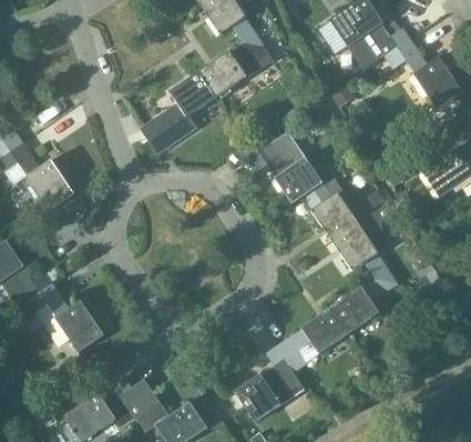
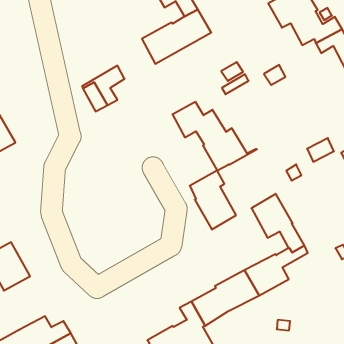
building: [170,70,216,115] -> none
building: [305,177,357,240] -> [190,171,236,230]

